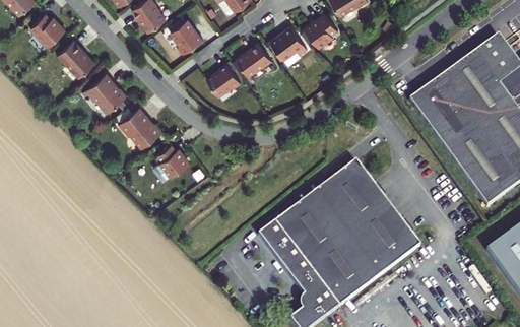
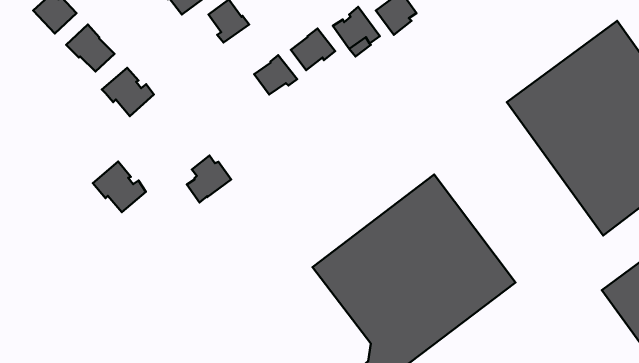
building: [119,108,161,148] -> [93,161,146,212]

